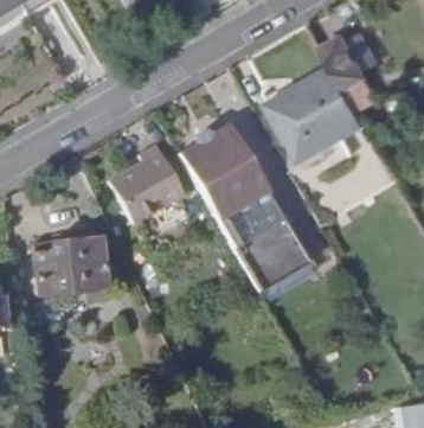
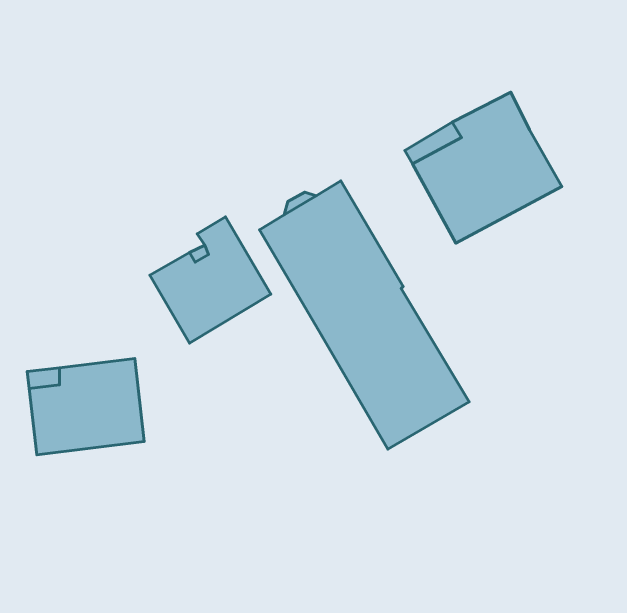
building: [327,36,373,90] -> none

